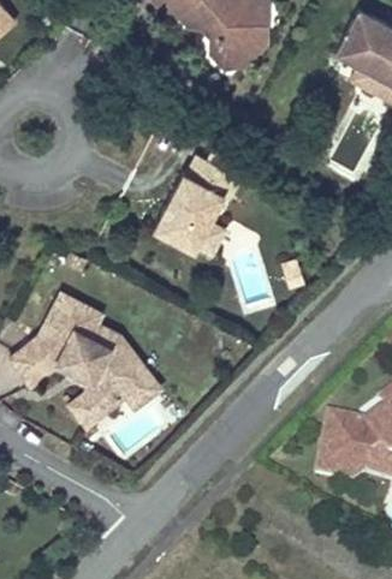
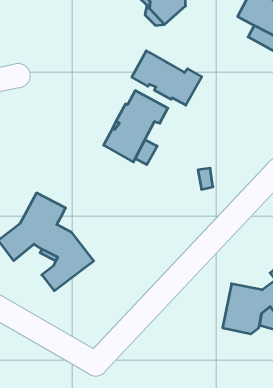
building: none -> [132,51,202,105]
building: [89,323,160,410] -> none

